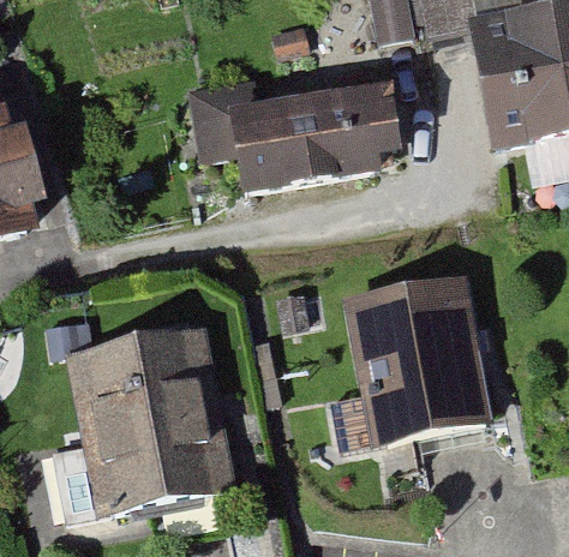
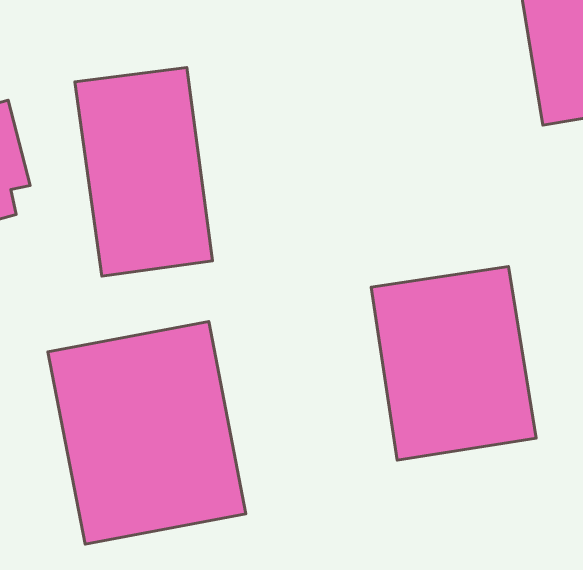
building: [194,60,407,187] -> none
building: none -> [75,68,212,276]

